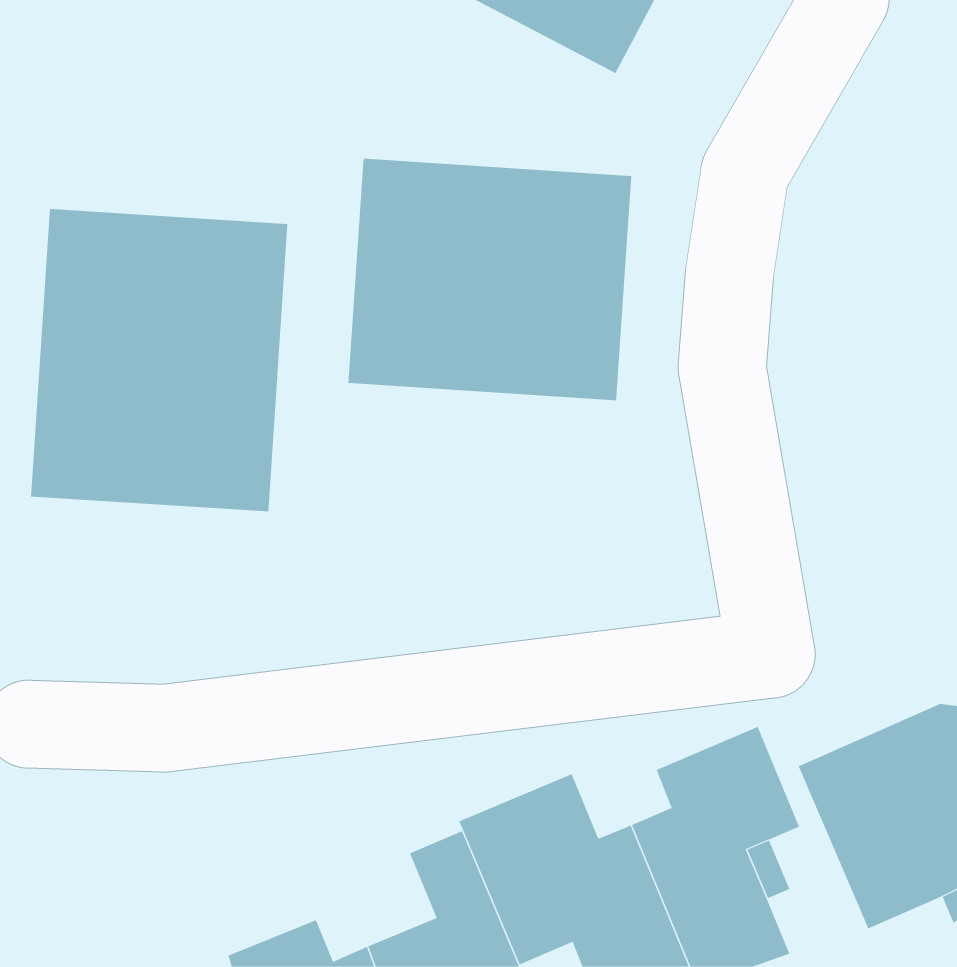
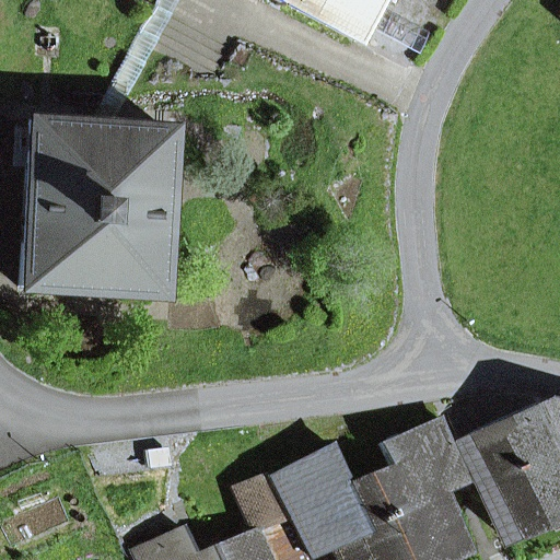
building: [348,158,632,401] -> none

